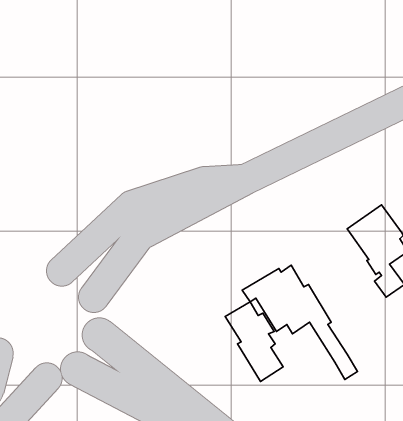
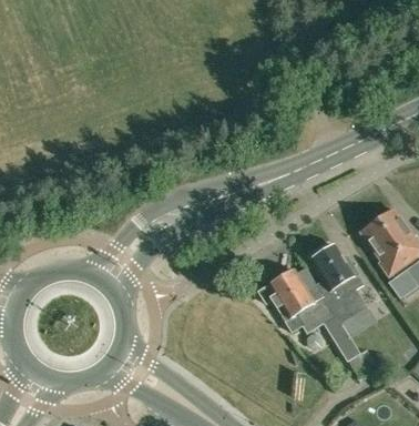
building: [225,302,283,382] -> [310,244,367,322]

